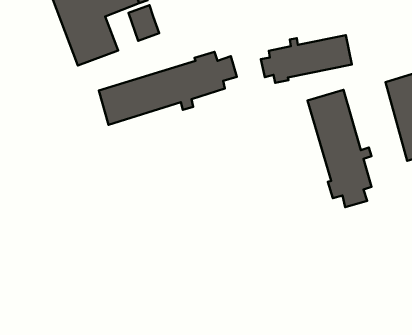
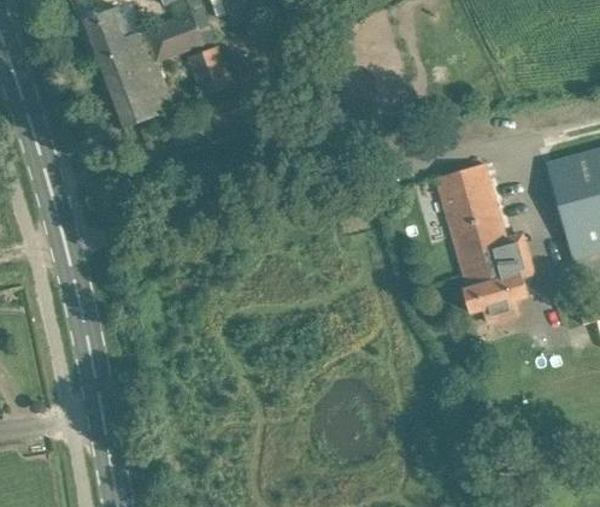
building: [261,35,352,83] -> none
building: [99,52,237,125] -> none

